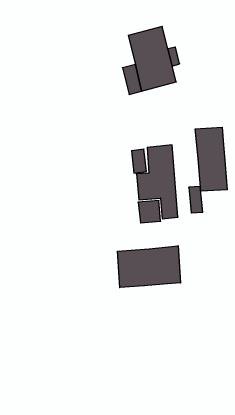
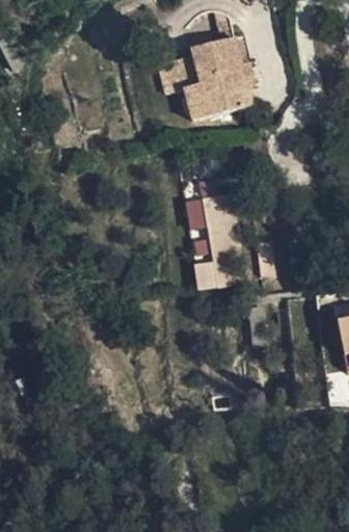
building: [195,127,227,191] -> none
building: [118,246,181,288] -> none

